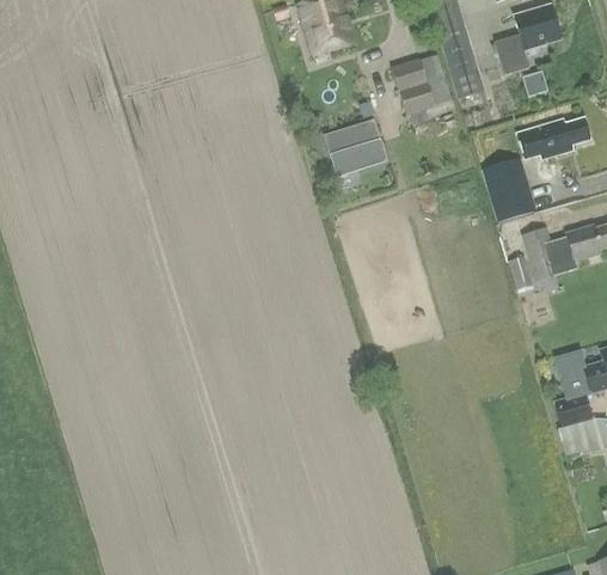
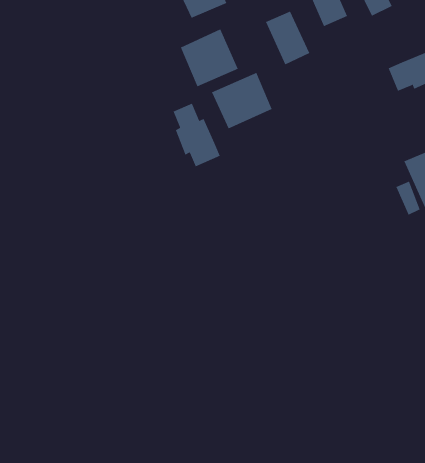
building: none -> [180,29,238,87]
building: none -> [173,103,220,167]
building: [483,157,537,221] -> none

